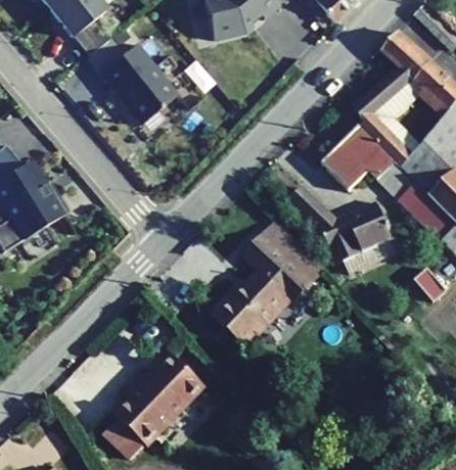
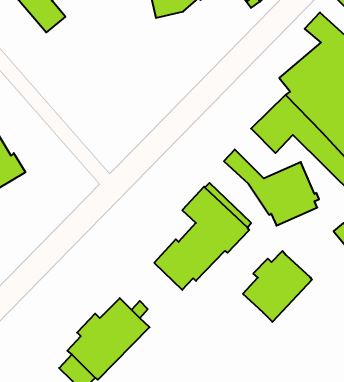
building: [88,37,179,124] -> none
building: none -> [243,251,312,322]

